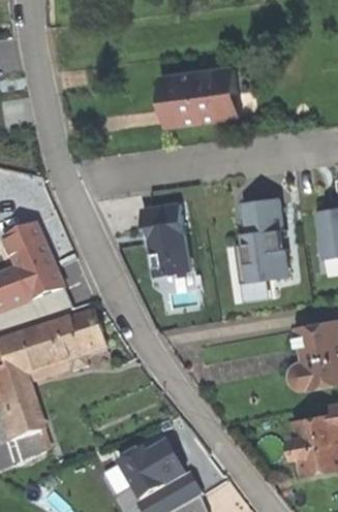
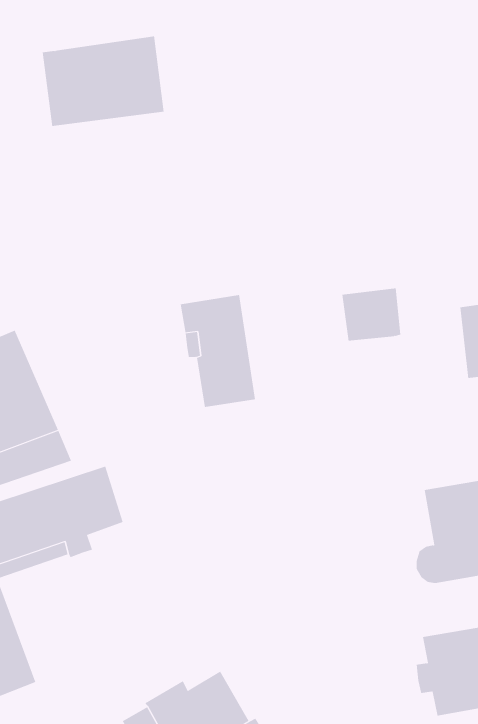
building: [160,66,239,124] -> [42,36,165,126]
building: [237,228,288,280] -> none

